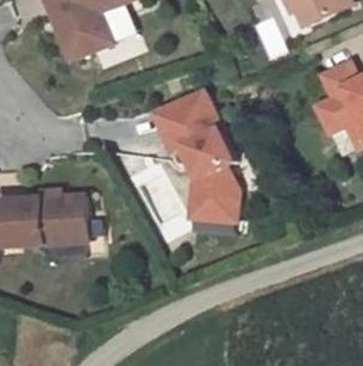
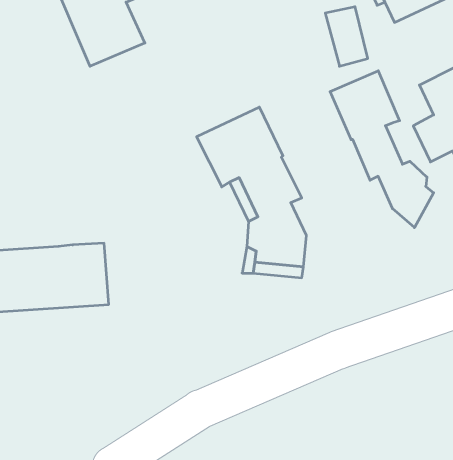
building: none -> [330,71,434,228]

